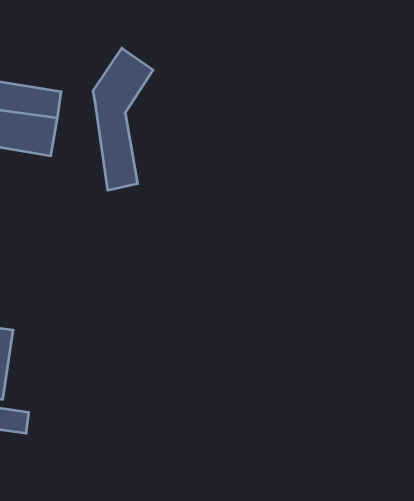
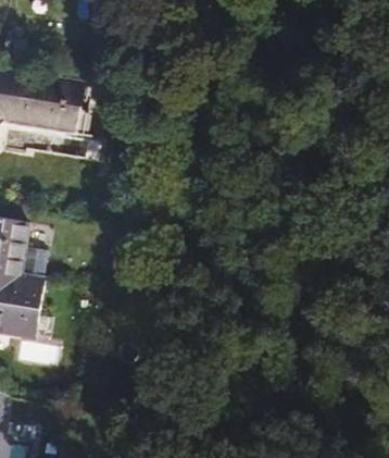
building: [93,48,153,190] -> none

